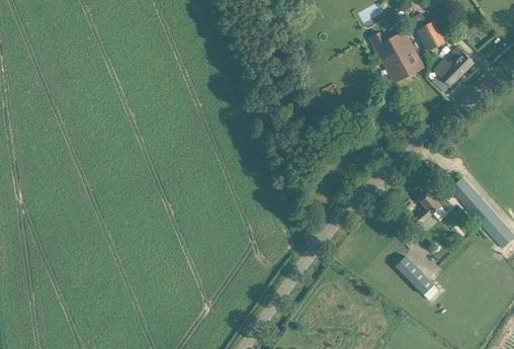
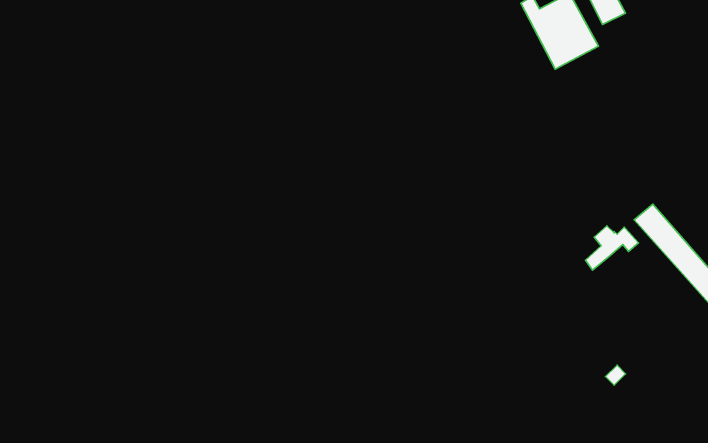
building: [431,47,474,93] -> none
building: [396,256,434,295] -> none

